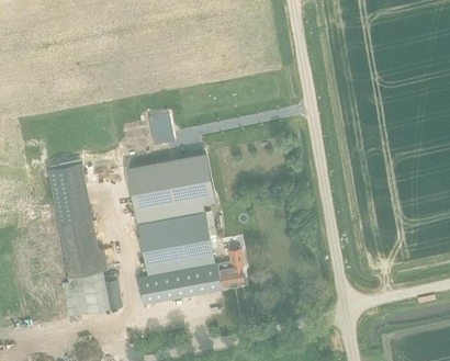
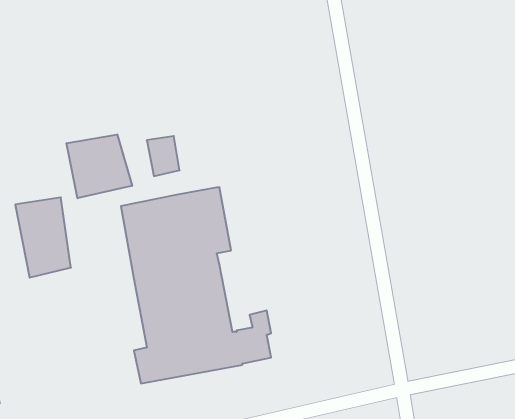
building: none -> [67,134,132,198]
building: [57,216,121,316] -> none

